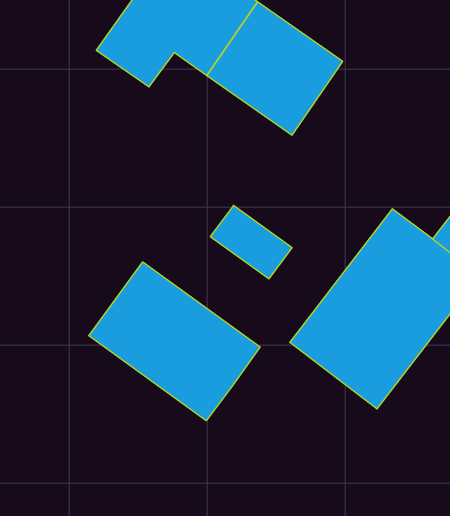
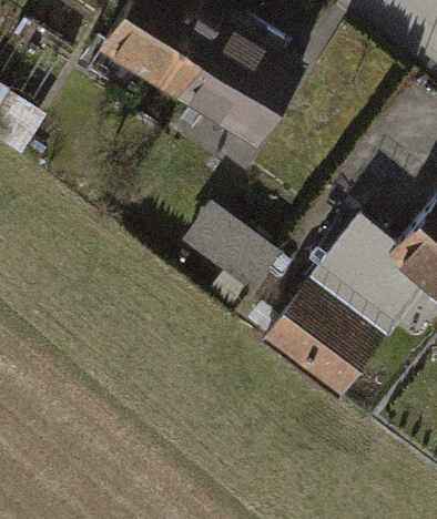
building: [89,262,260,421] -> none

